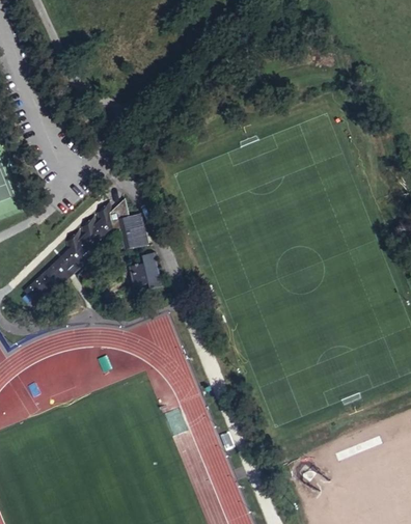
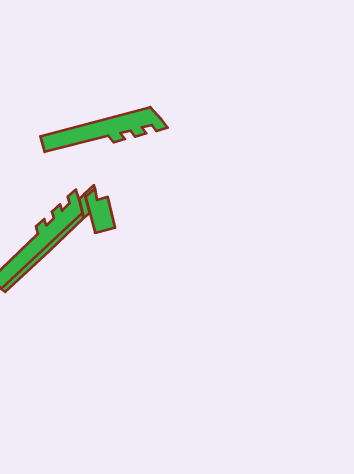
building: none -> [40,107,168,152]
building: [129,251,161,285] -> none

